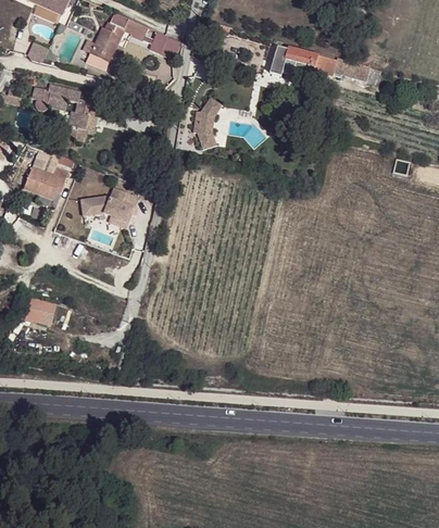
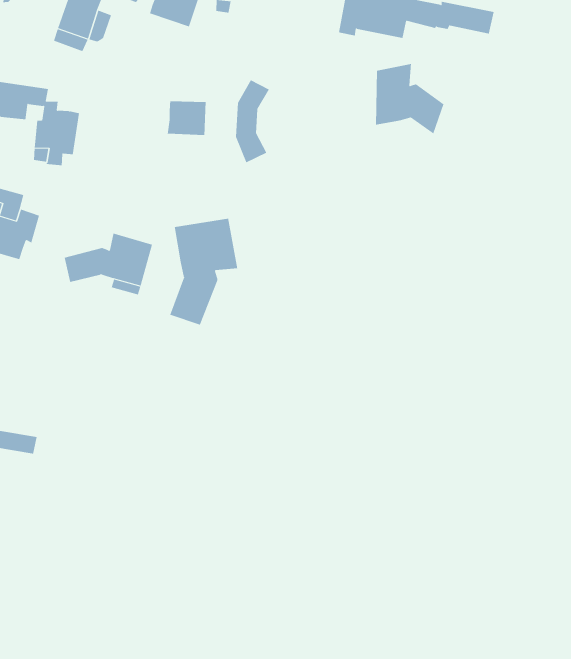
building: none -> [376,63,444,134]
building: none -> [167,101,206,136]
building: none -> [169,218,238,325]

